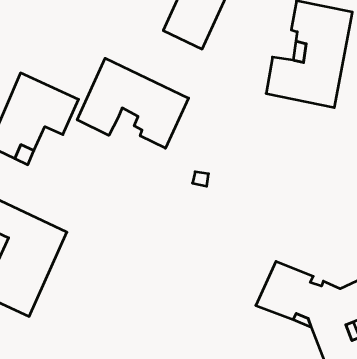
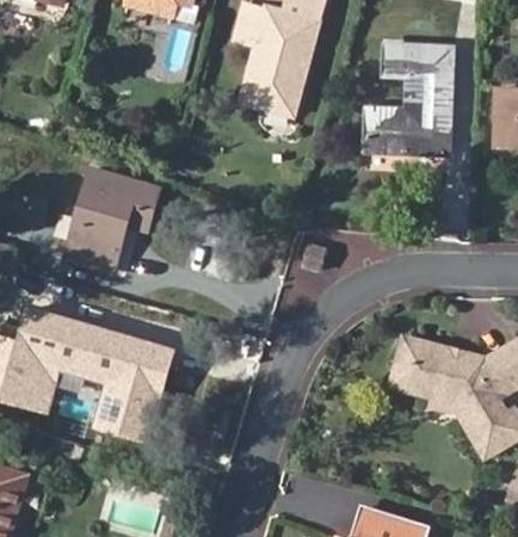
building: [77,58,189,148] -> none

